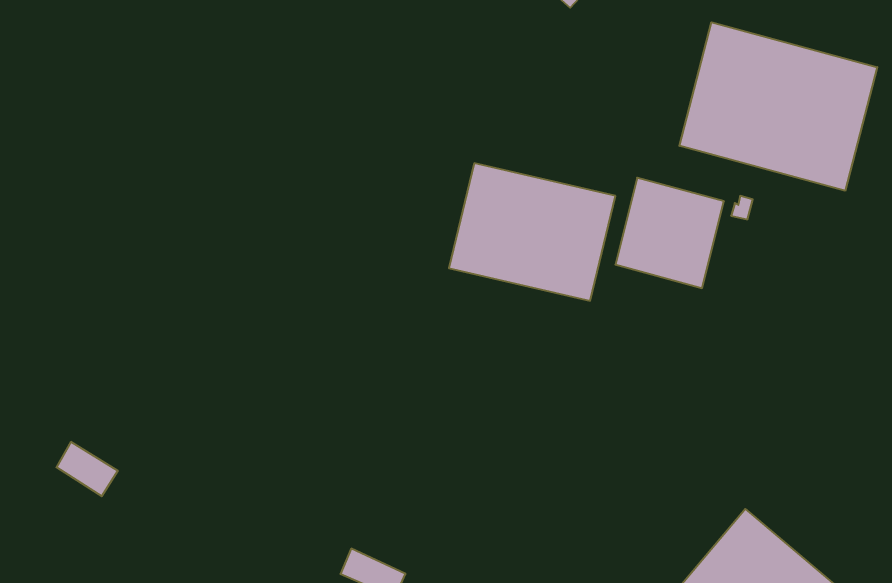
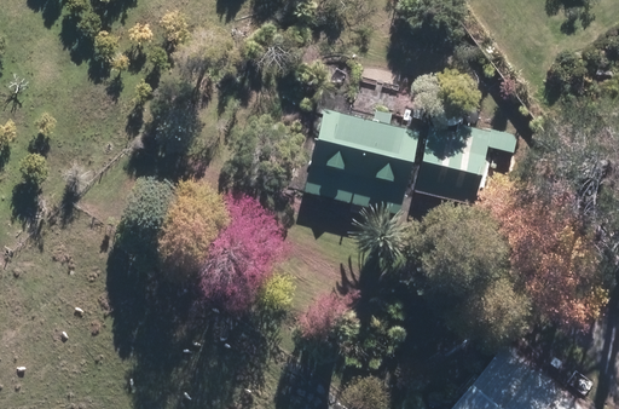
building: [679,22,877,191] -> none

